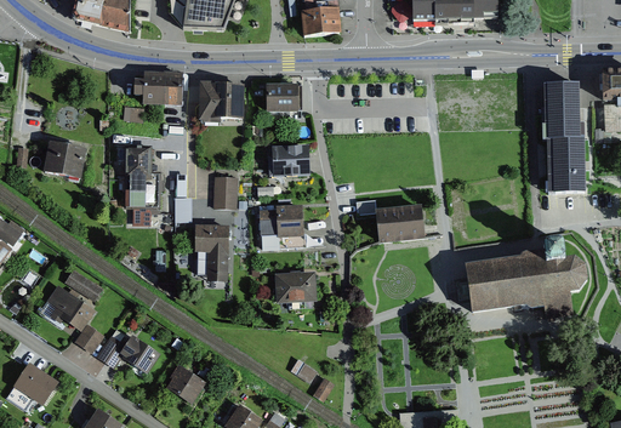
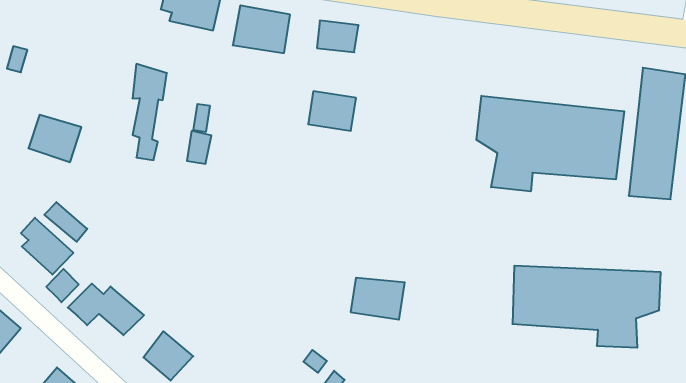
building: none -> [476,96,624,191]
building: [45,142,86,177] -> [28,115,81,162]
building: [215,175,239,206] -> none
building: [372,204,423,242] -> none
building: [258,205,303,236] -> none
building: [192,224,228,276] -> none
building: [274,269,315,301] -> [351,278,405,320]

